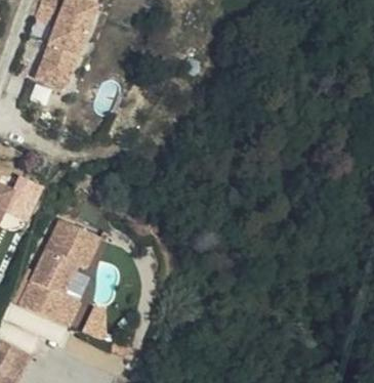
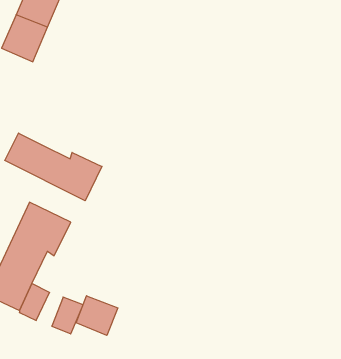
building: none -> [5,133,102,201]
building: none -> [76,296,118,335]

